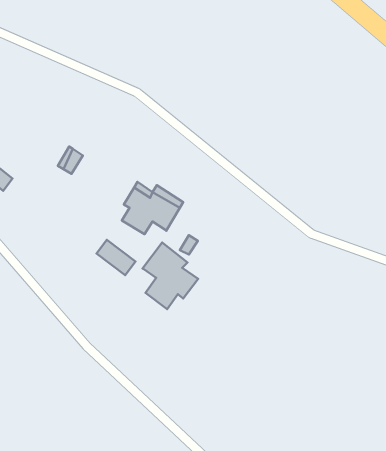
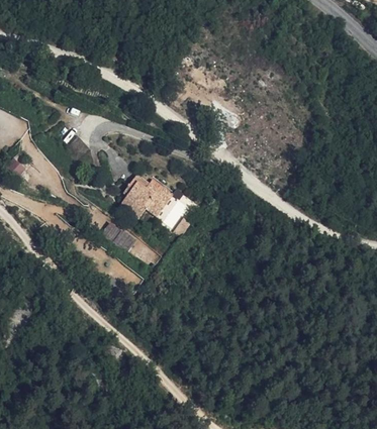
building: [142,243,198,309] -> none

